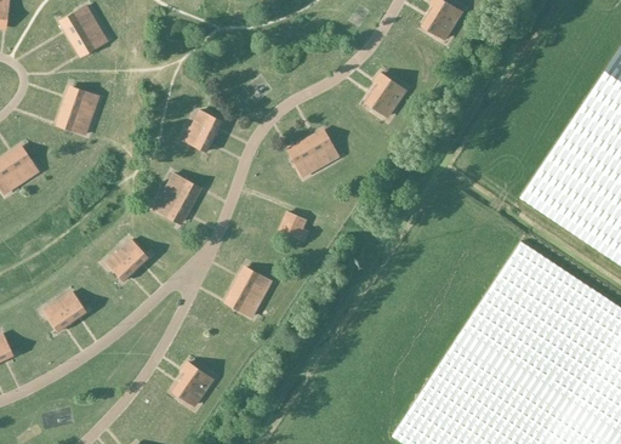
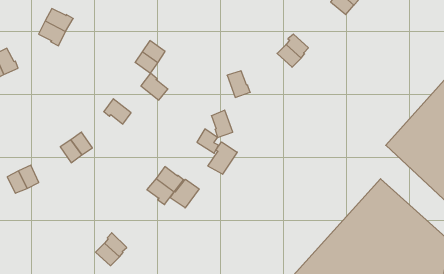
building: [289,140,319,176] -> [211,110,233,138]
building: [164,173,199,206] -> [141,73,168,100]
building: none -> [208,142,237,174]
building: none -> [170,179,199,208]

